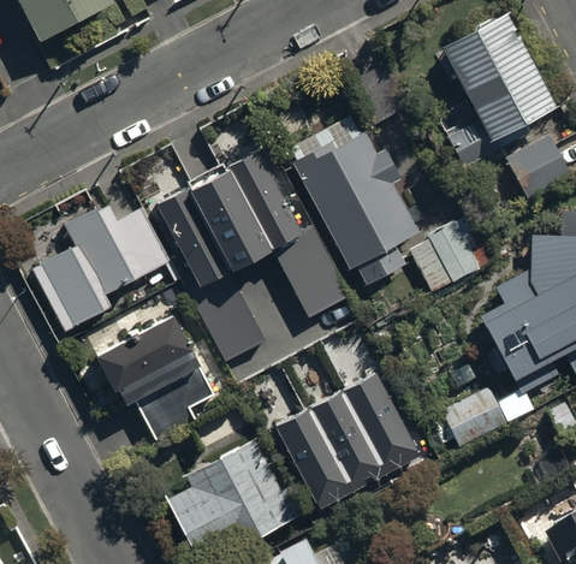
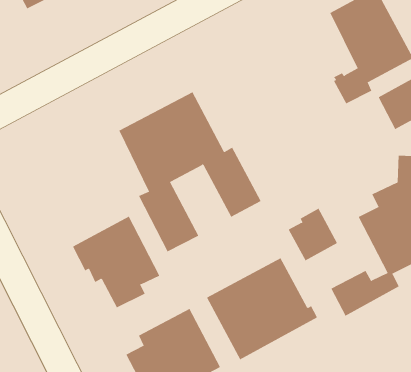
building: [291,117,420,286] -> none
building: [32,201,168,327] -> none
building: [411,221,477,292] -> [288,208,338,261]

